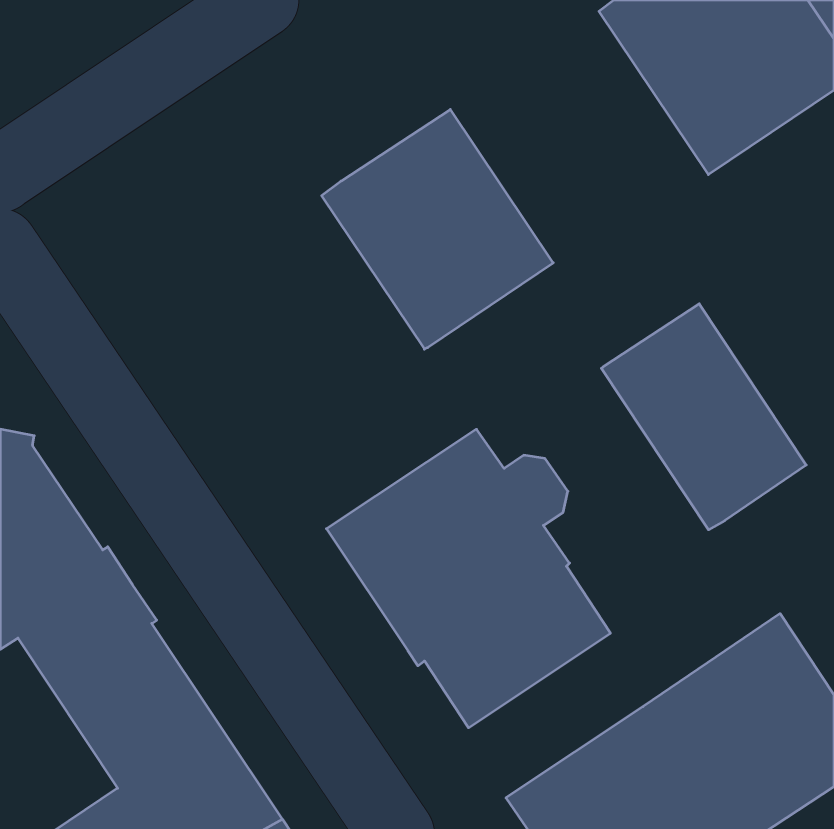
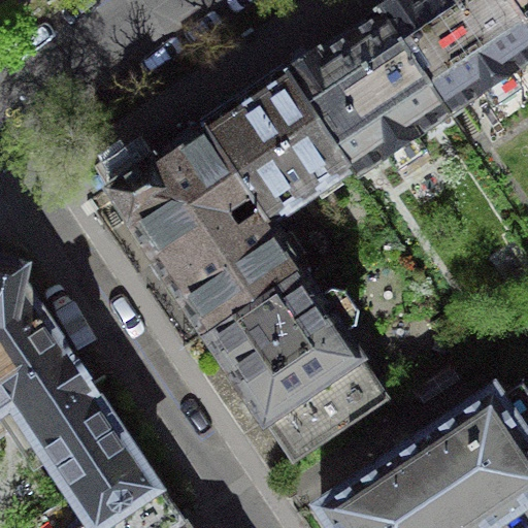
building: none -> [285,10,448,179]
building: none -> [108,127,303,337]
building: [601,304,806,530] -> none

